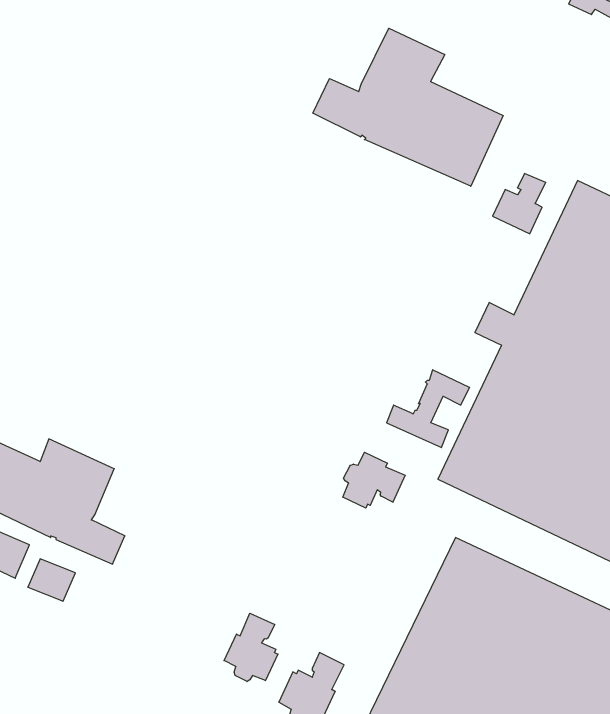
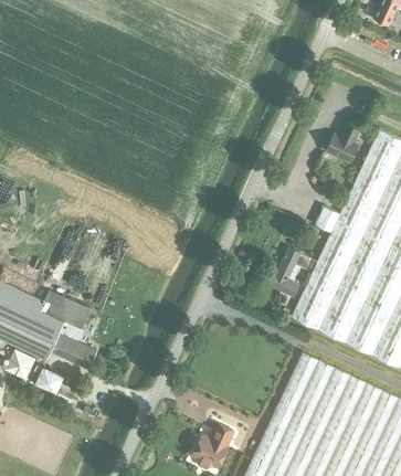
building: [313,28,503,186] -> none
building: [343,452,405,508] -> none
building: [224,613,278,682] -> none

